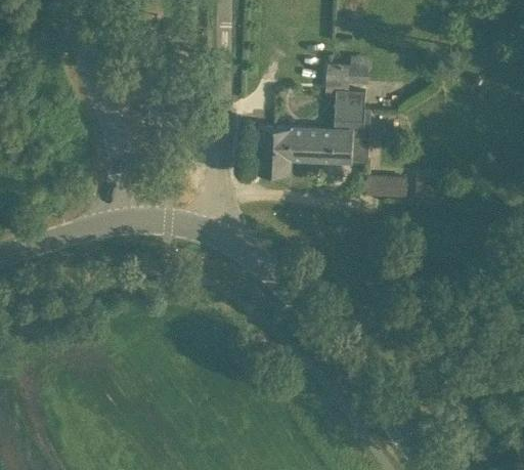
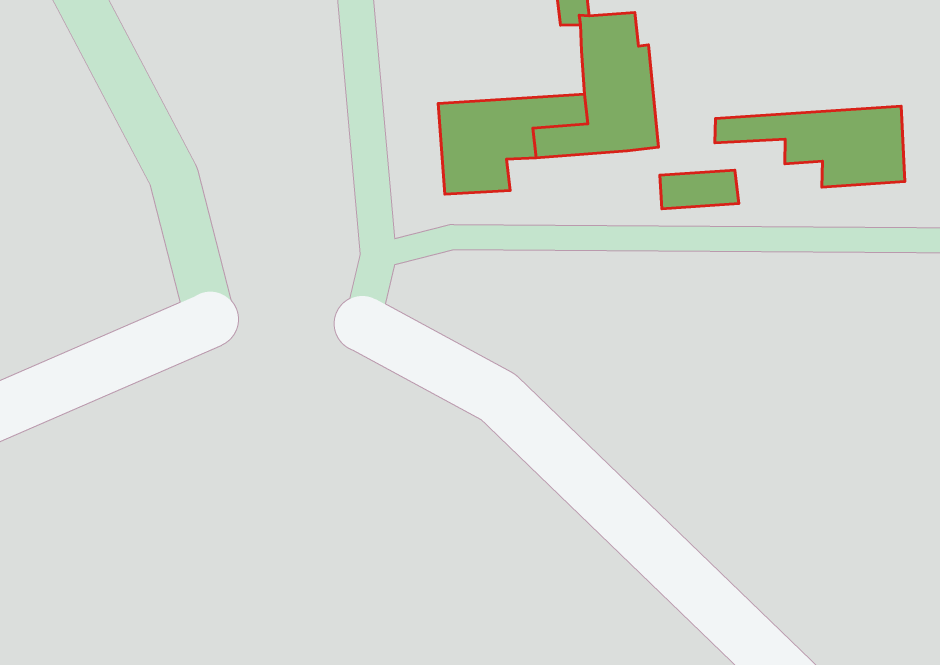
building: none -> [715,106,905,187]

